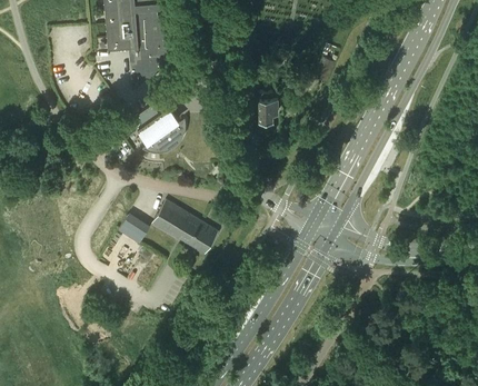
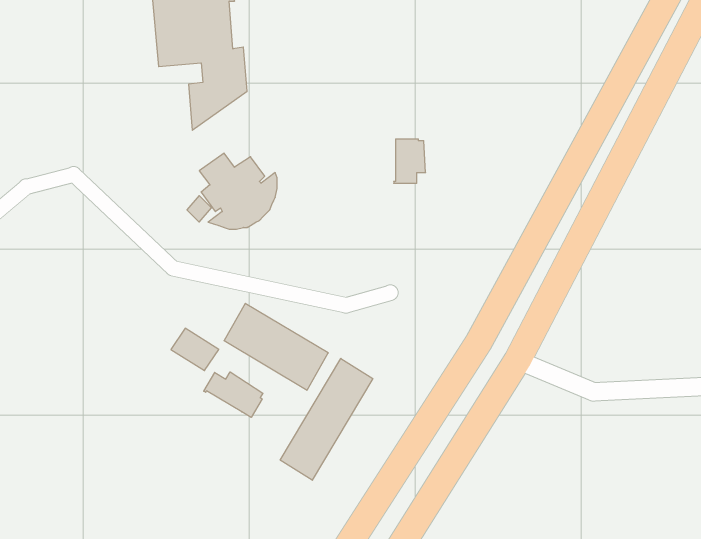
building: none -> [280,358,373,480]
building: none -> [204,372,263,417]

